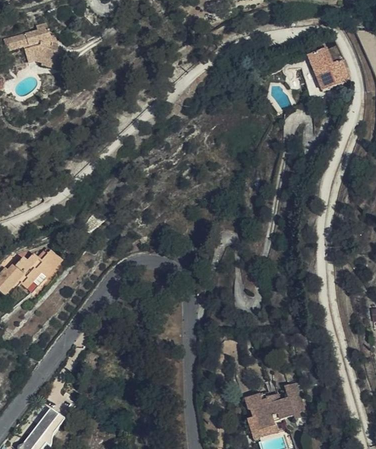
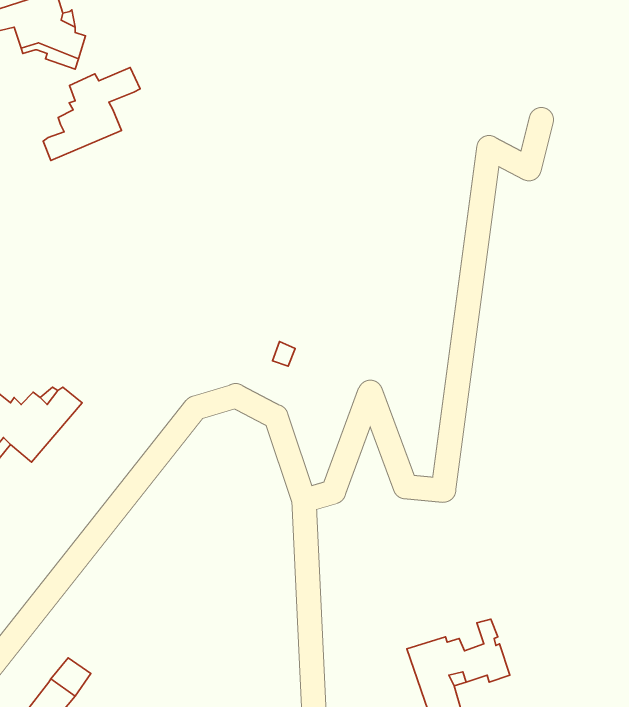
building: [305,41,346,89] -> none
building: none -> [43,67,140,160]

